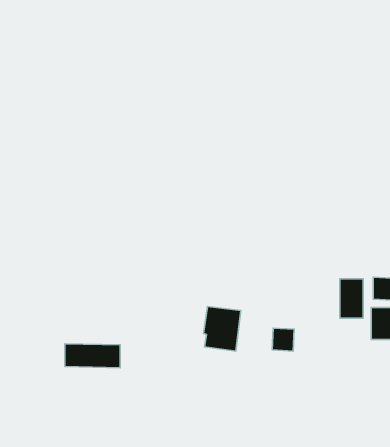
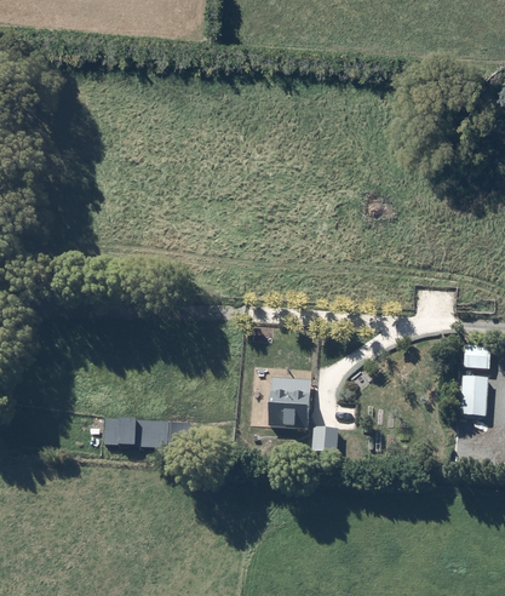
building: [340,279,363,318] -> none
building: [272,328,294,351] -> [312,425,338,452]

